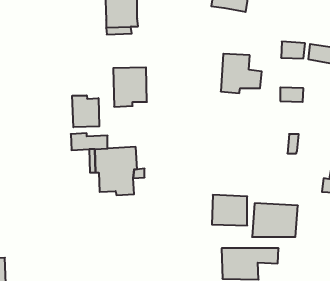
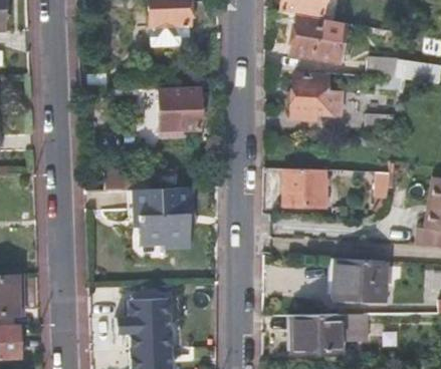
building: none -> [288,14,349,64]
building: [72,95,99,127] -> none
building: [212,195,247,225] -> [283,168,327,207]
building: none -> [128,300,172,350]

